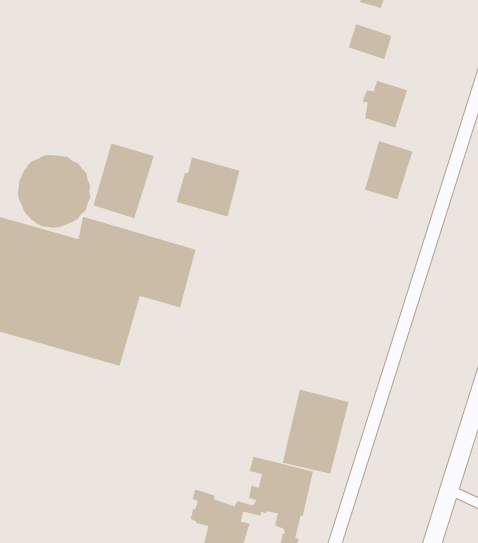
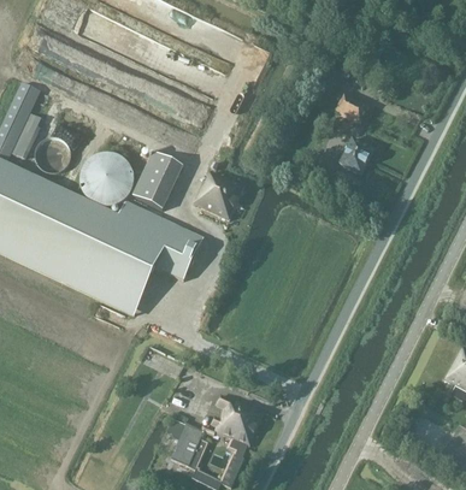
building: [364,140,413,200] -> none
building: [282,389,349,474] -> none

